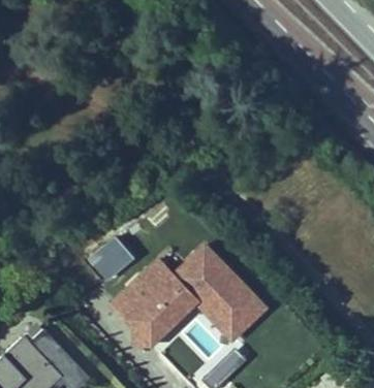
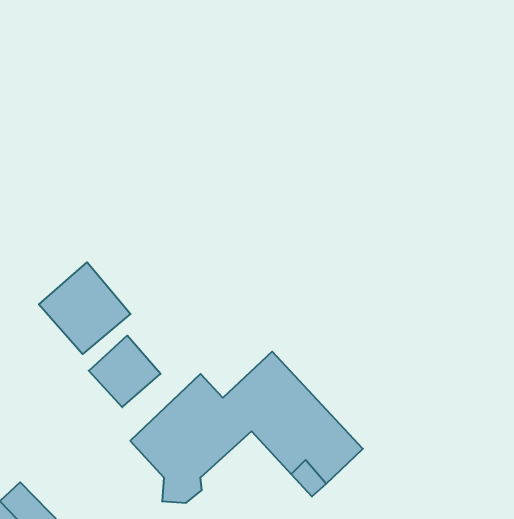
building: none -> [39,262,131,354]

